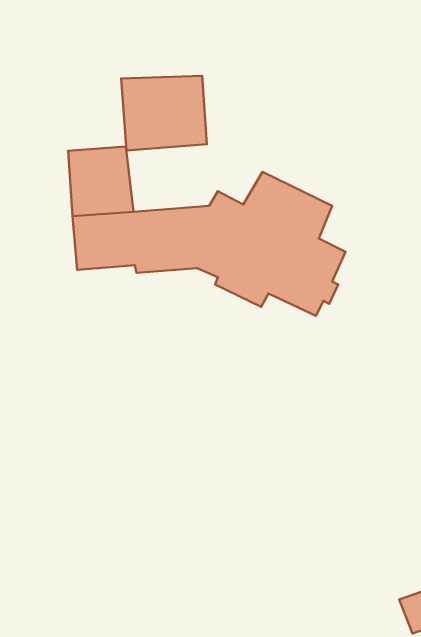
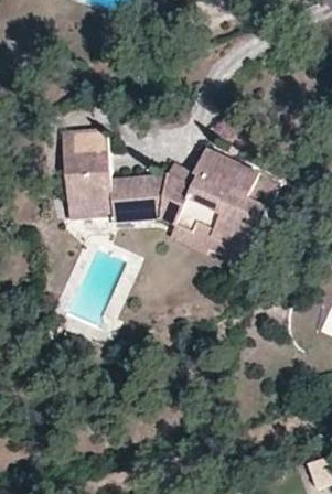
building: [121,76,207,150] -> none

